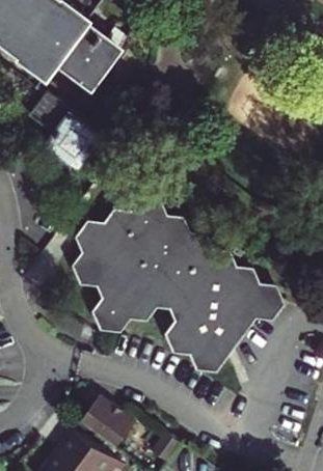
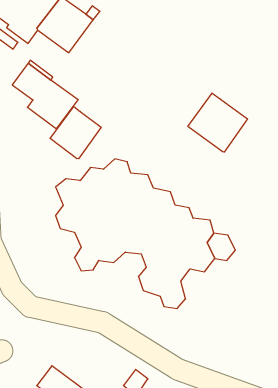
building: none -> [188,93,248,152]
building: none -> [50,107,101,159]
building: [78,398,131,448] -> none

